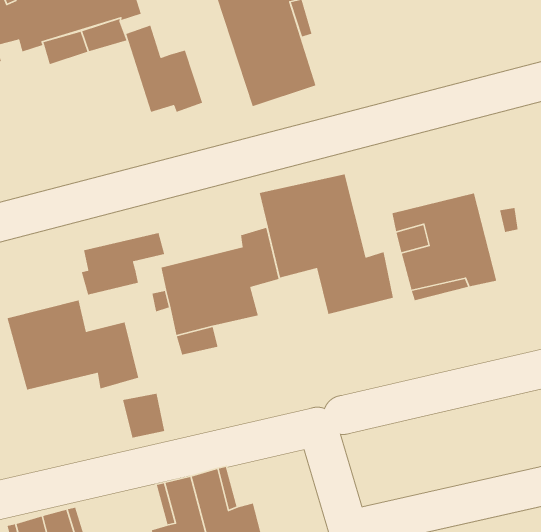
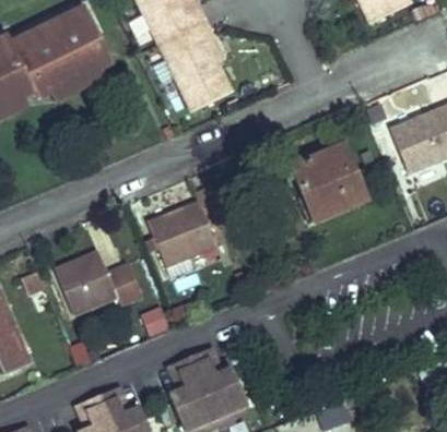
building: [125,25,203,113] -> none
building: [259,174,394,315] -> none
building: [81,232,165,296] -> none

